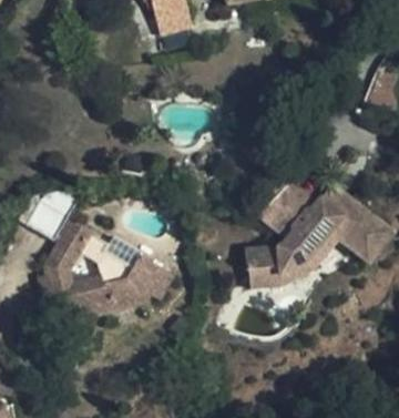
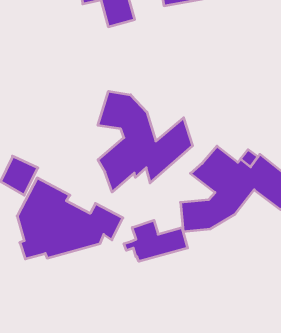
building: none -> [98,91,193,192]
building: none -> [124,220,188,261]

